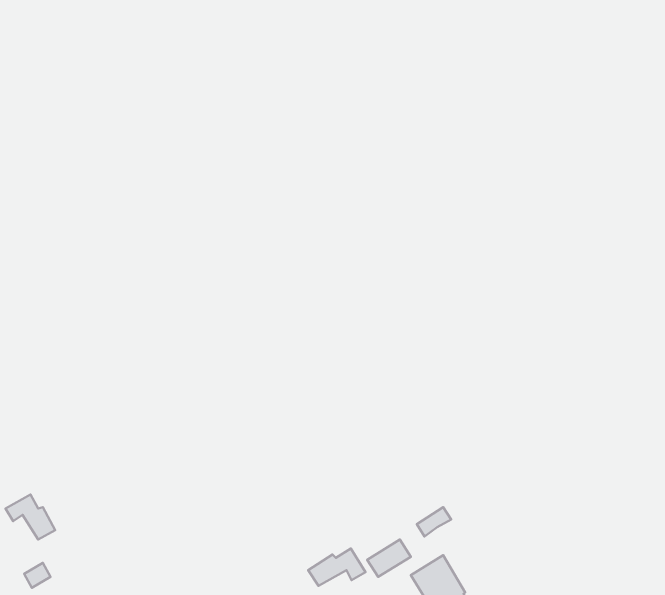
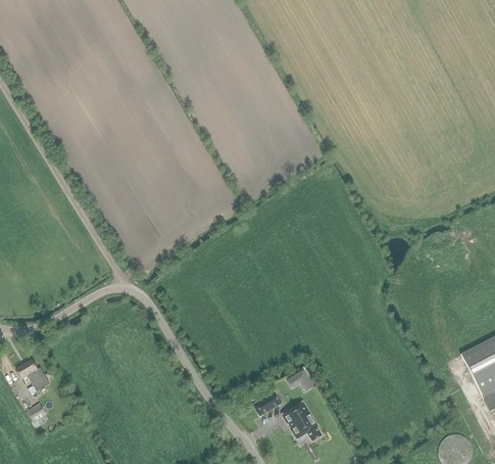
building: [308,549,365,586] -> none

